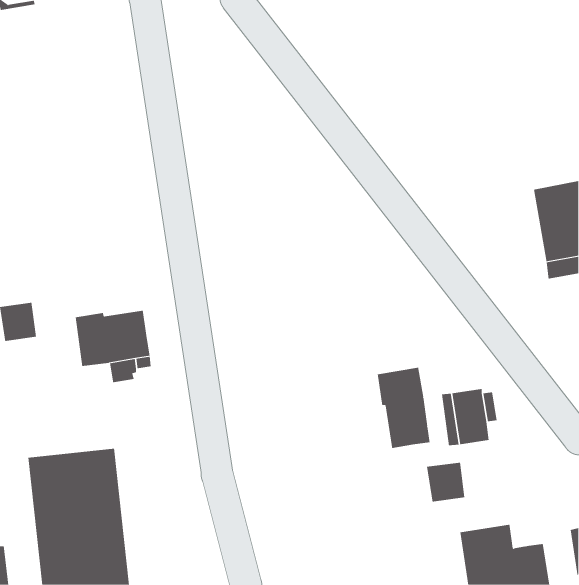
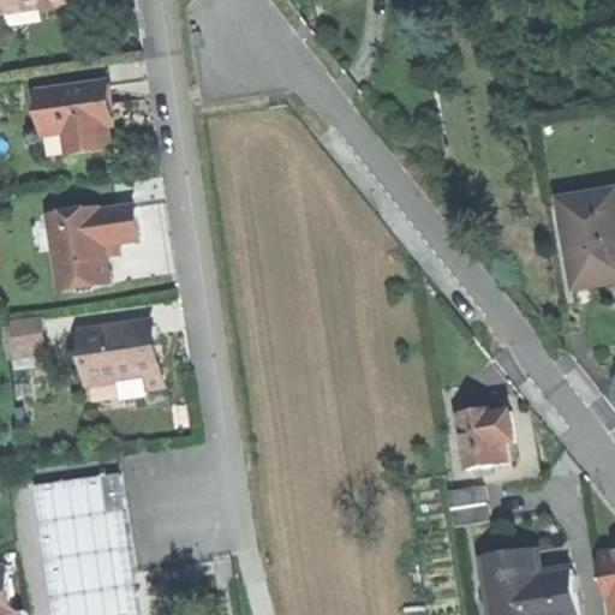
building: none -> [34,83,106,153]
building: none -> [48,207,137,289]
building: [377,367,430,449] -> none

